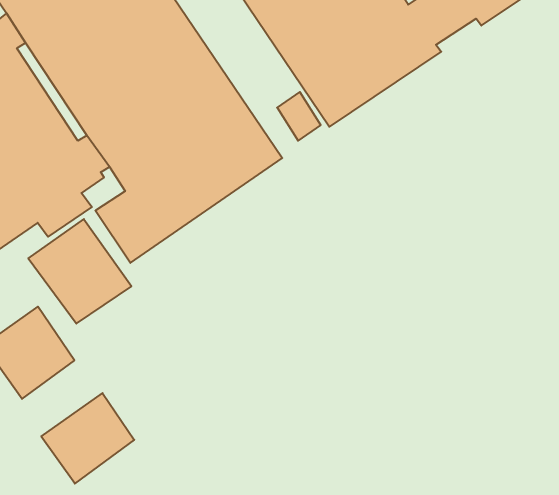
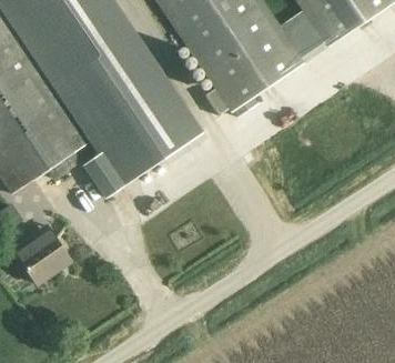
building: [28,219,131,324] -> none
building: [41,393,134,484] -> none

